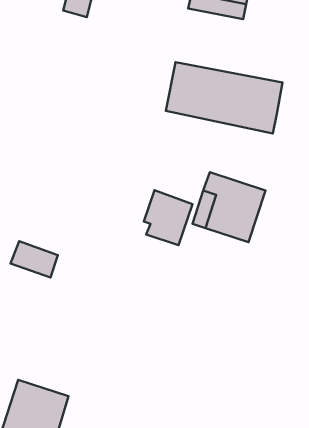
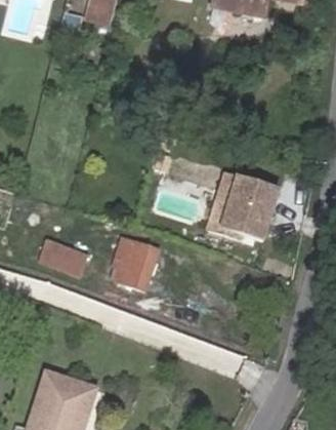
building: [166,62,282,134] -> none
building: [144,190,192,245] -> [112,236,158,288]

